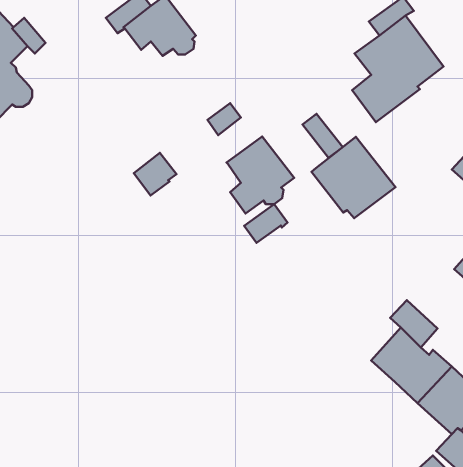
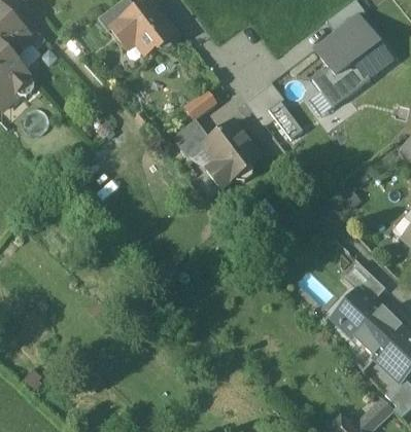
building: [312,137,395,218] -> none
building: [134,153,177,196] -> [173,119,210,156]
building: [244,204,287,243] -> none

